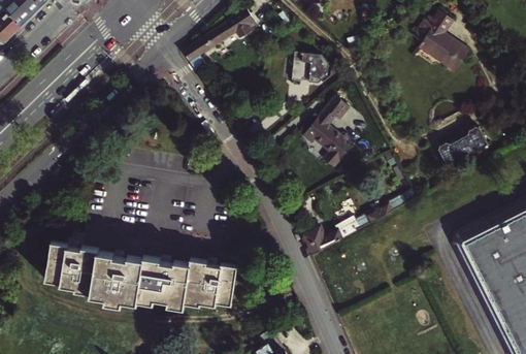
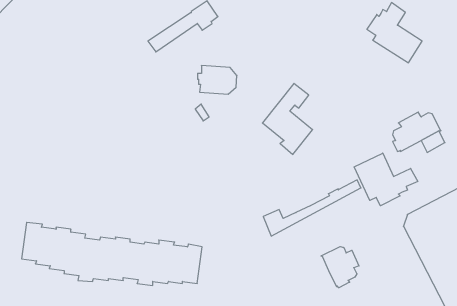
building: [286,53,327,83] -> [198,66,237,94]
building: none -> [354,153,418,206]
building: none -> [321,247,359,288]

